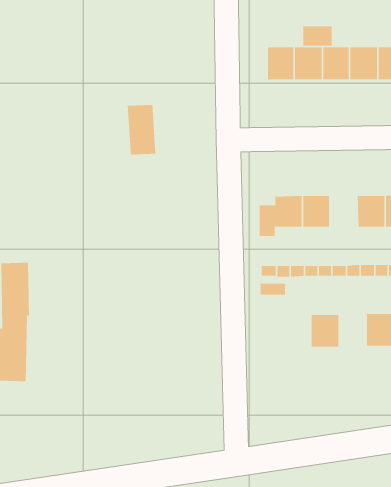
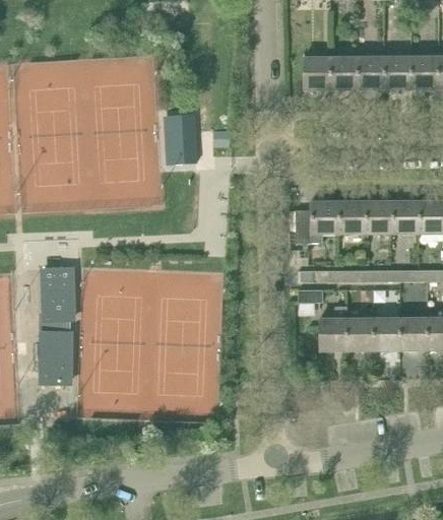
building: [303,25,332,47] -> none
building: none -> [365,201,392,233]
building: none -> [320,305,346,349]
building: none -> [374,316,400,349]

